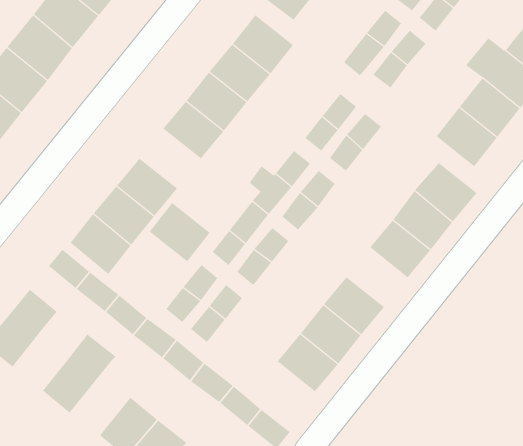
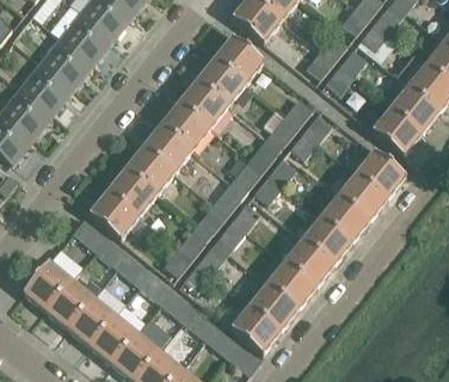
building: [149,202,211,262] -> [143,125,191,172]
building: none -> [303,217,351,264]
building: none -> [45,281,92,328]
building: none -> [90,304,146,363]
building: none -> [232,306,279,352]

